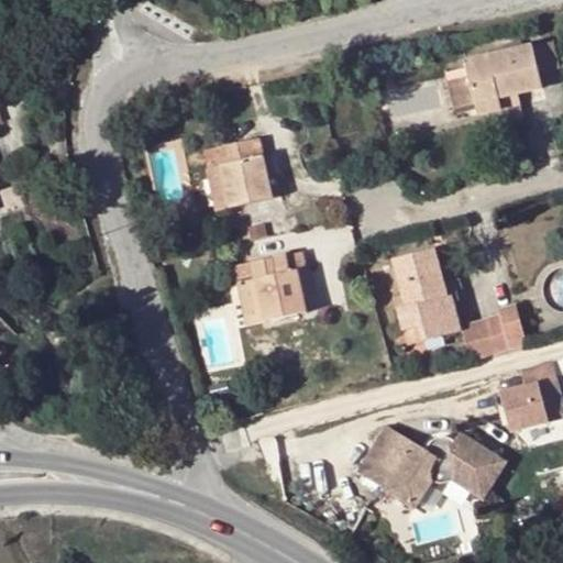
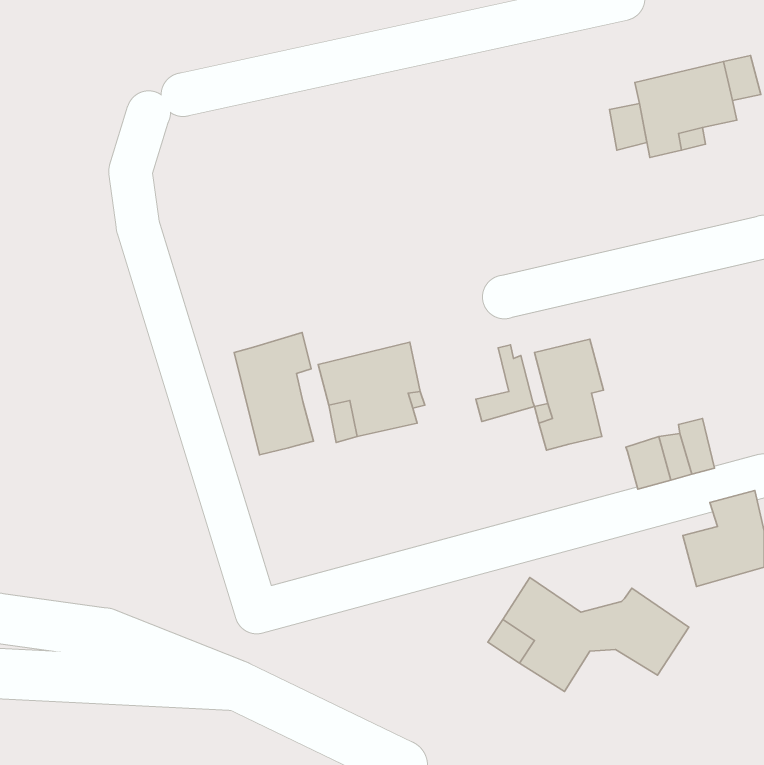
building: [216,139,284,207] -> none
building: none -> [234,332,313,455]
building: [417,286,460,342] -> [476,345,534,422]

